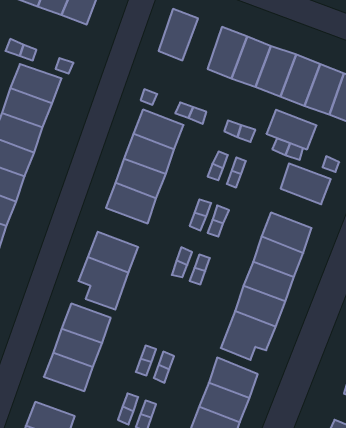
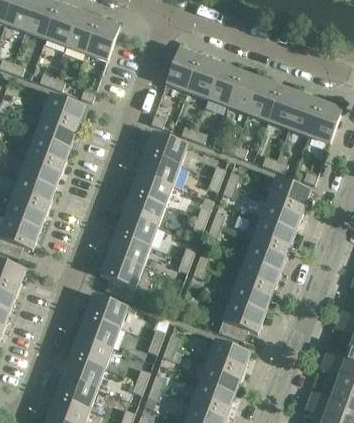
building: none -> [187,55,220,97]
building: [266,110,317,149] -> [261,197,303,230]
building: none -> [116,213,158,246]
building: none -> [64,354,105,387]

